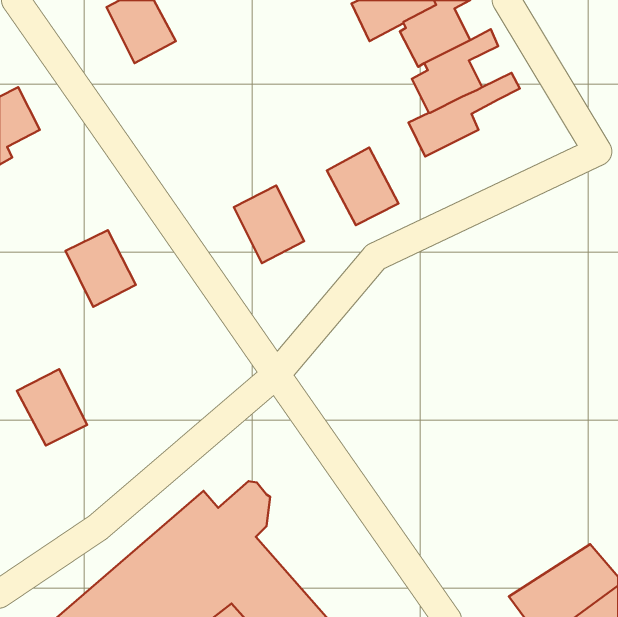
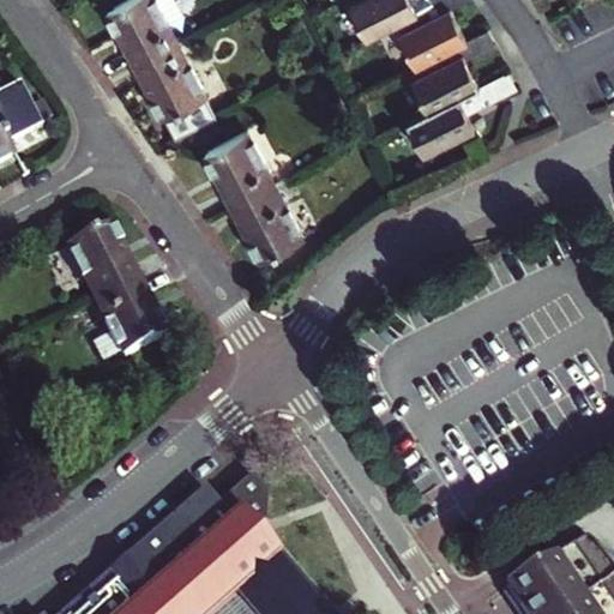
building: none -> [133,43,213,139]
building: [327,148,398,225] -> [203,131,273,207]
building: [17,369,87,446] -> [92,284,162,360]

